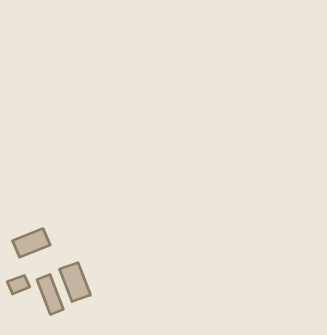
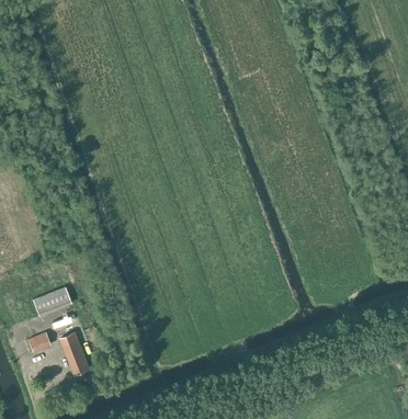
building: [60,263,90,302] -> none

